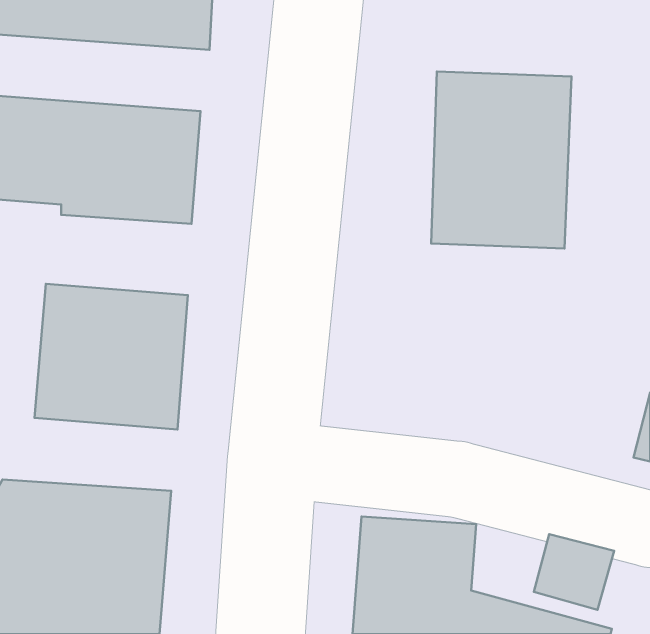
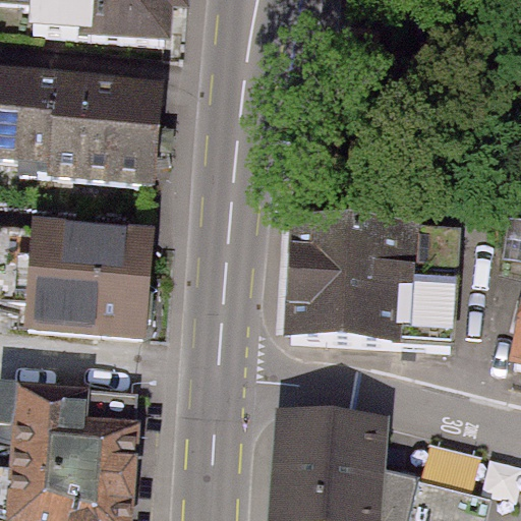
building: [431,71,571,249] -> none
building: none -> [292,231,458,341]

